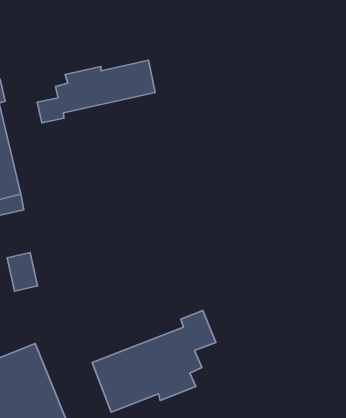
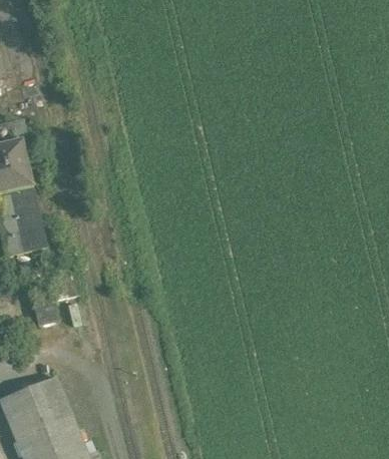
building: [37,60,155,123] -> none
building: [92,311,216,412] -> none

